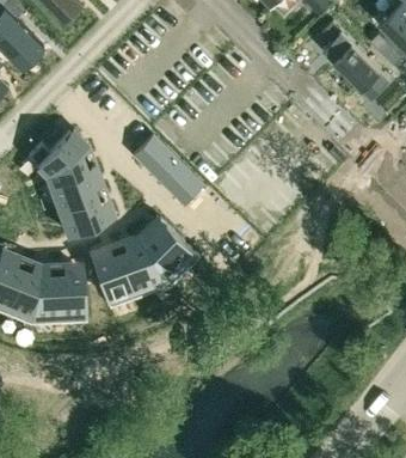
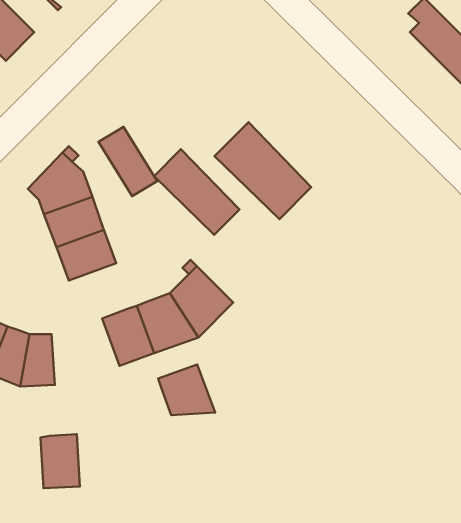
building: none -> [215,122,311,219]
building: none -> [98,127,157,196]
building: [55,273,85,313] -> [40,434,80,488]
building: none -> [158,364,215,415]

